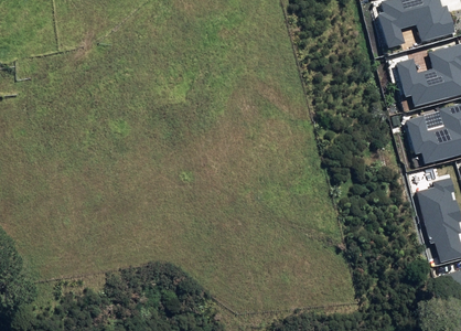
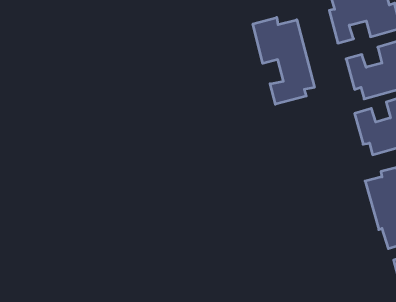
building: none -> [253,17,314,104]

